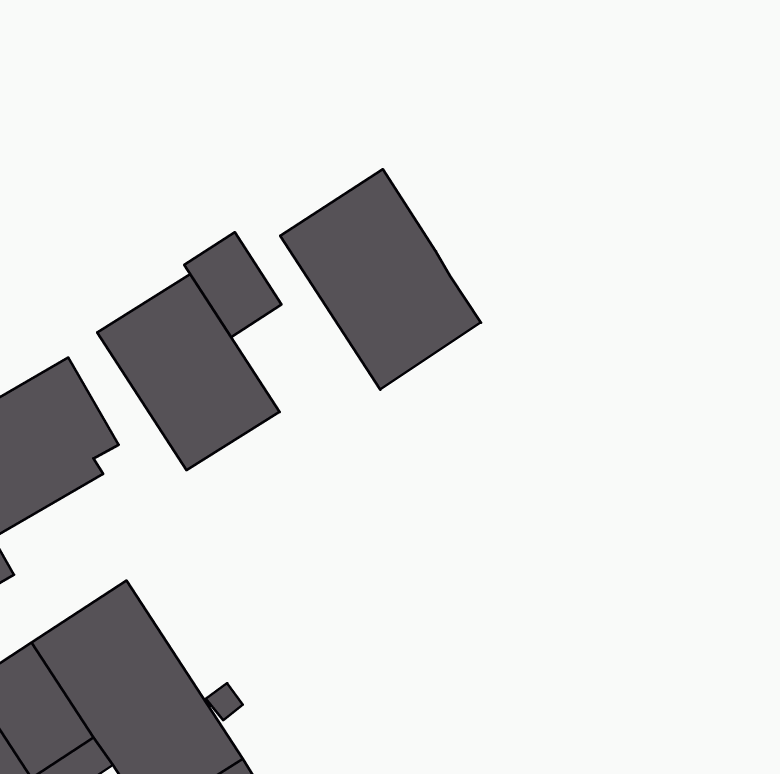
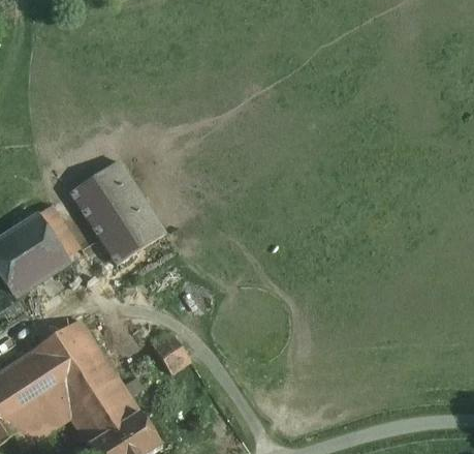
building: [280,169,481,390] -> none
building: [184,232,281,337] -> none

